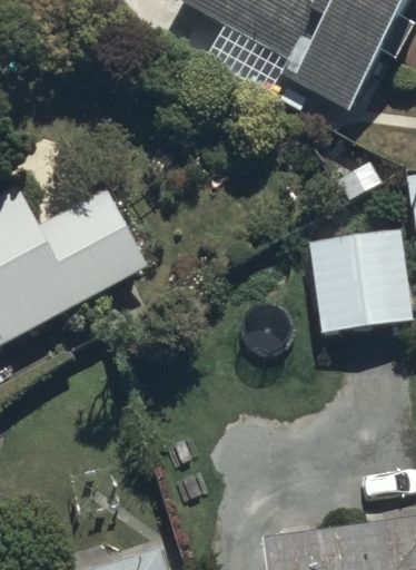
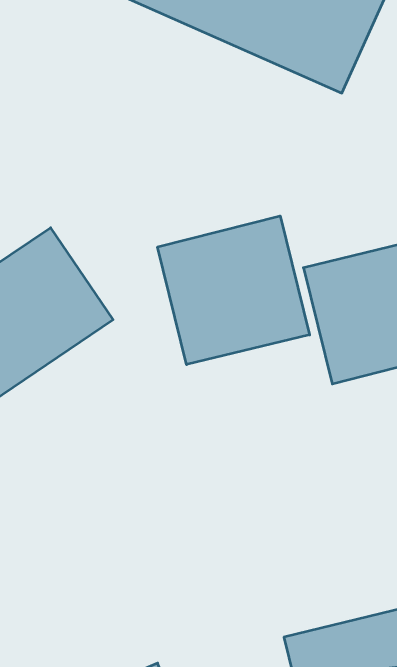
building: none -> [158,216,310,365]

